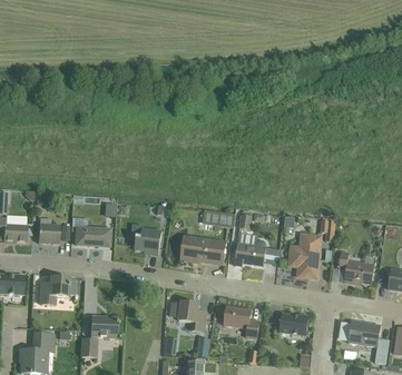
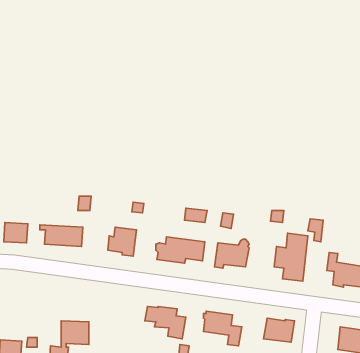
building: [39,277,68,305] -> none

